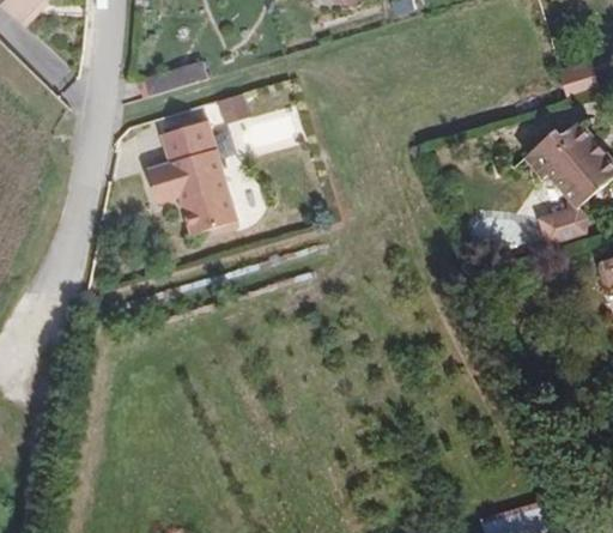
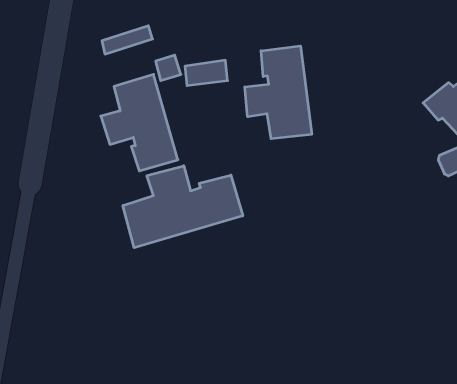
building: none -> [245,46,312,139]
building: none -> [123,166,243,248]

